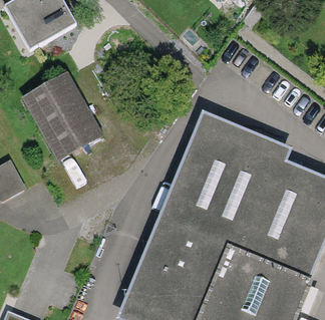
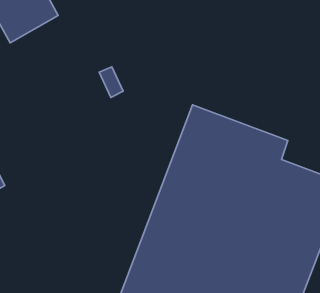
building: [23,79,94,152] -> none

